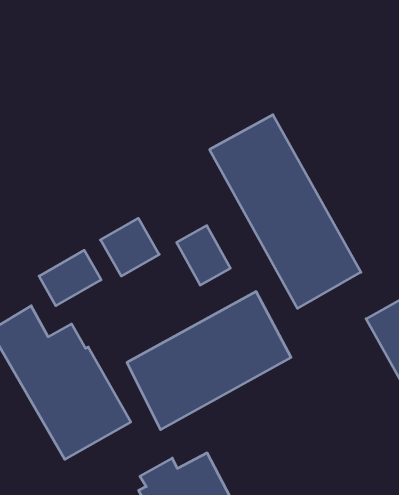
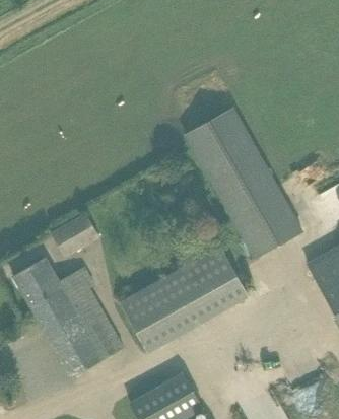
building: [100,218,159,276] -> none
building: [177,226,230,285] -> none

